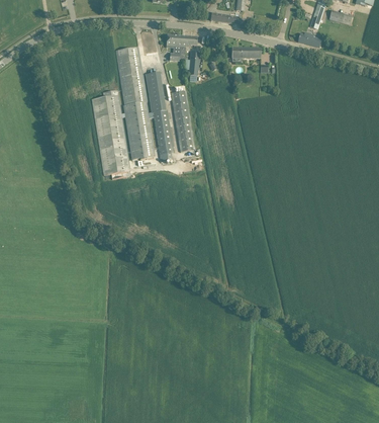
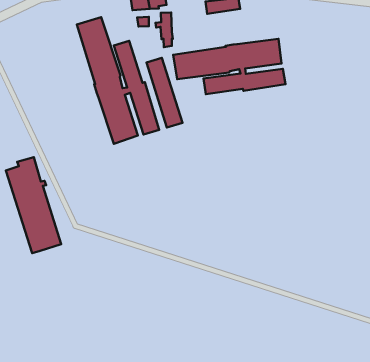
building: none -> [173,39,285,94]
building: [91,90,129,174] -> [6,157,61,253]

